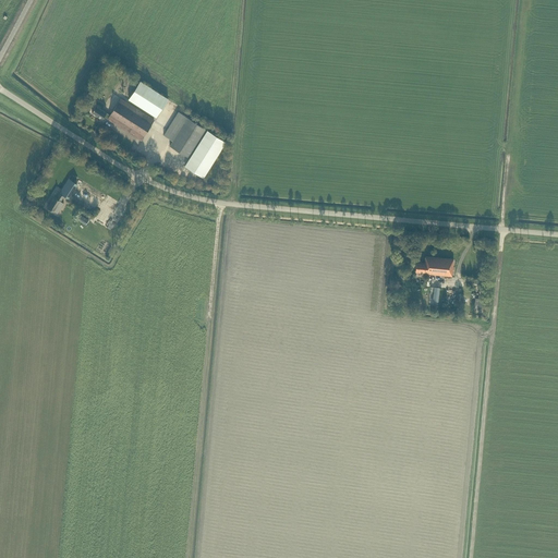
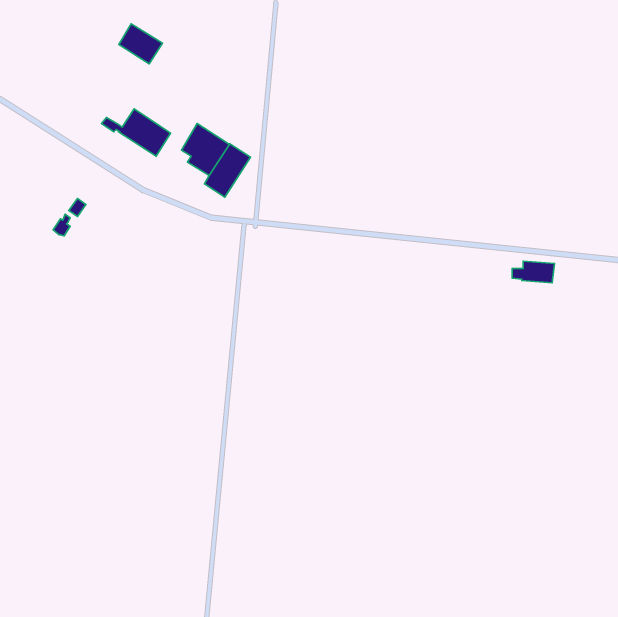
building: [129,82,168,118] -> [119,24,163,64]
building: [415,257,453,277] -> [512,261,555,283]

